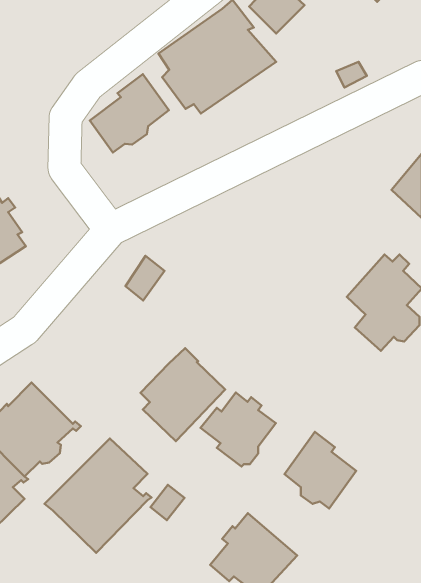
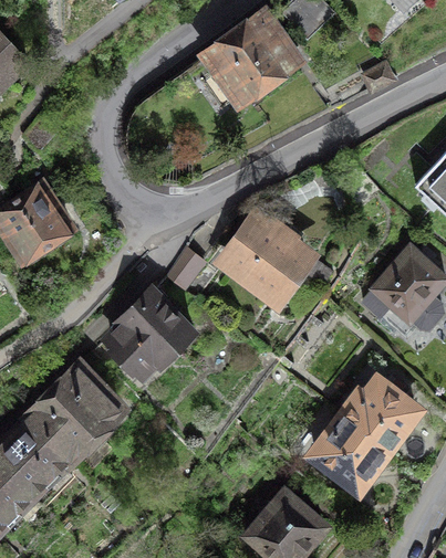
building: [90,74,169,152] -> none
building: none -> [228,217,305,294]
building: [140,348,225,441] -> [111,288,190,376]
building: [200,393,276,467] -> [344,379,415,449]
building: [45,438,152,553] -> none

